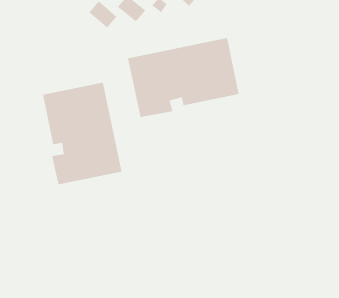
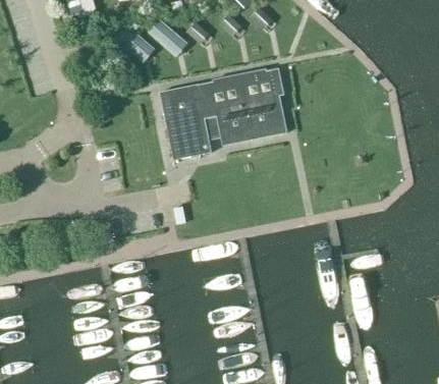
building: [42,82,122,185] -> none

